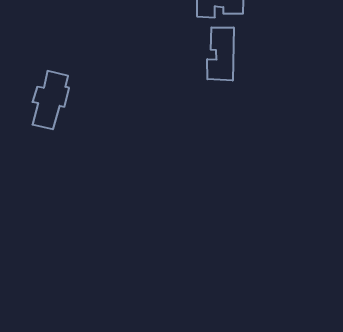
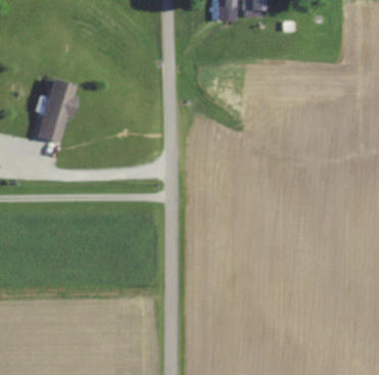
building: [207,27,234,81] -> none

